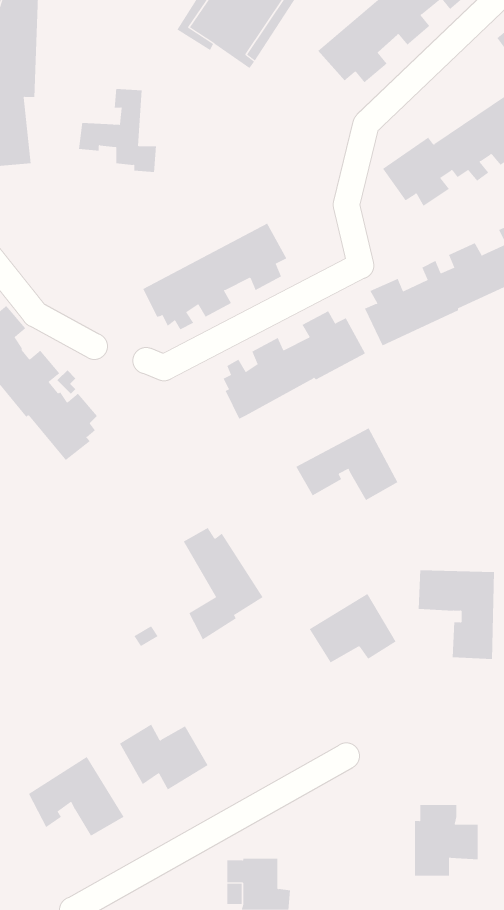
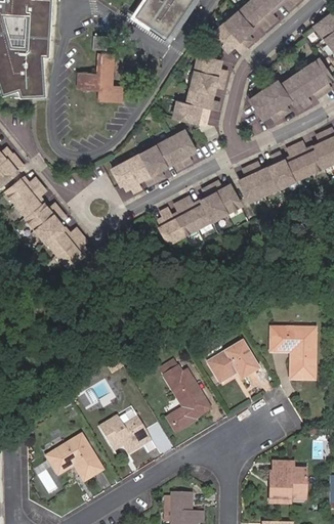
building: none -> [174,55,227,124]
building: [296,428,398,501] -> none
building: [183,527,263,640] -> [164,368,210,433]

